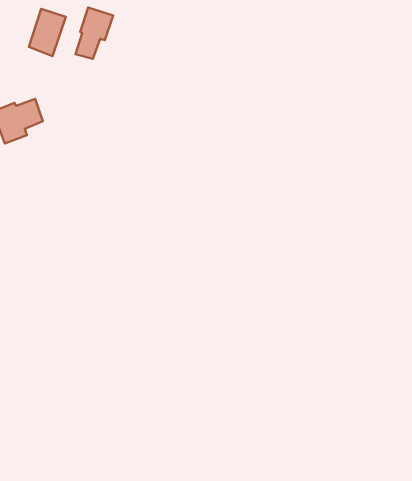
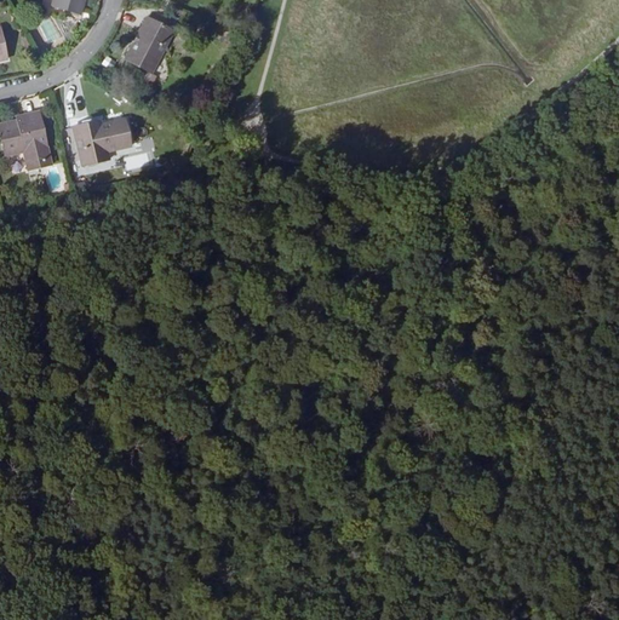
building: [75,7,113,59] -> none

